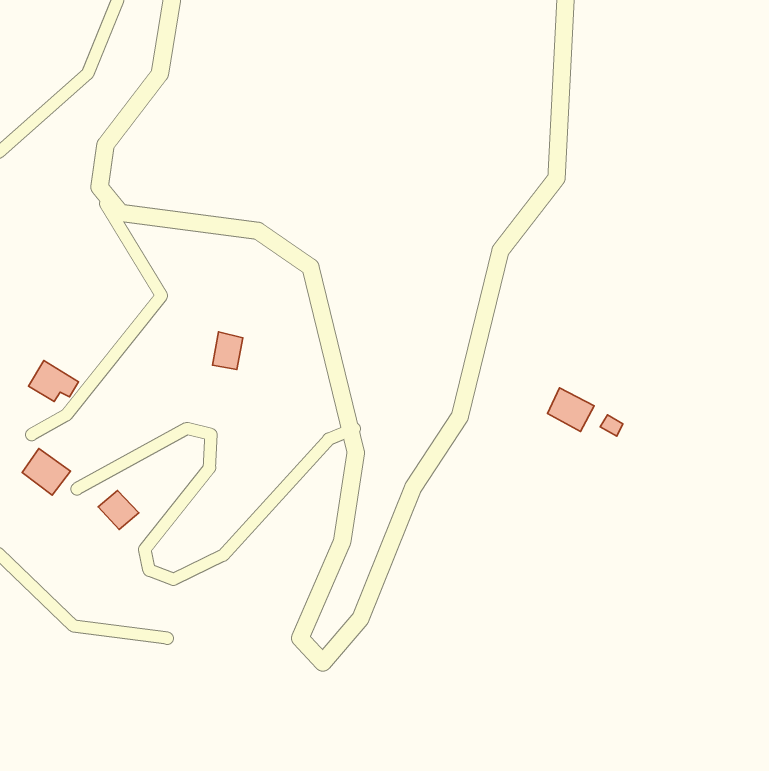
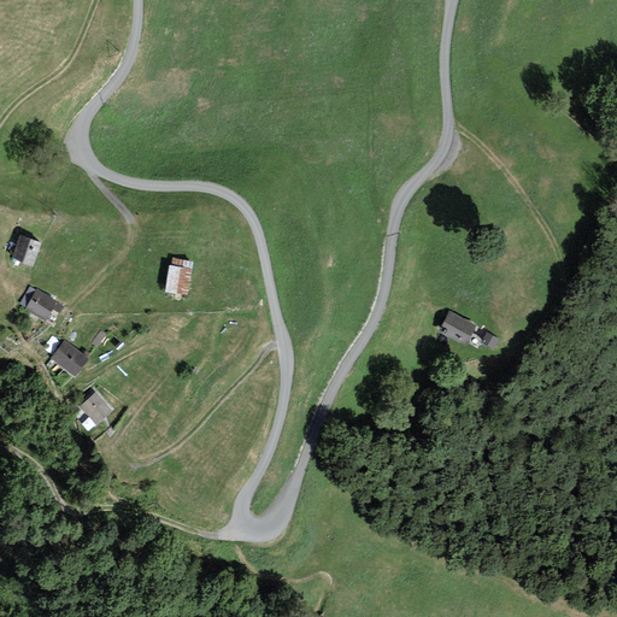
building: none -> [10,234,40,264]
building: [22,448,70,495] -> [49,339,88,376]

